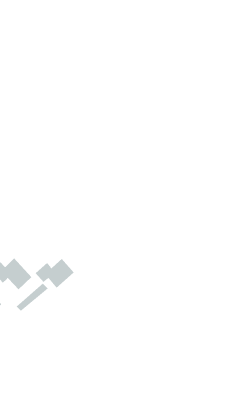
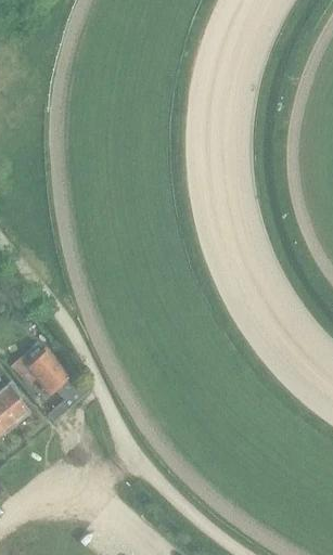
building: [35,258,74,289] -> none

